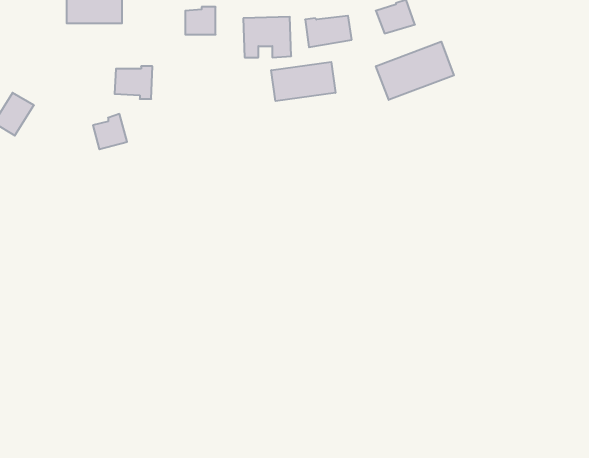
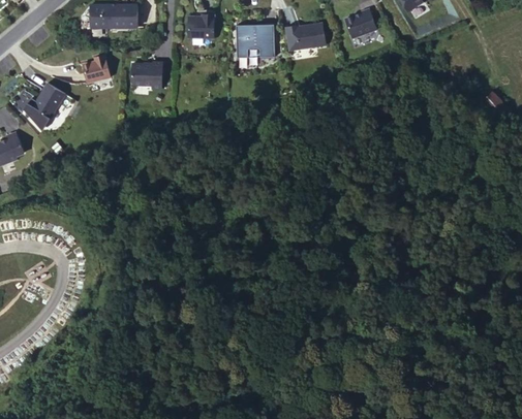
building: [376,42,454,100] -> none
building: [271,62,335,101] -> none
building: [93,114,127,149] -> [82,57,110,86]

